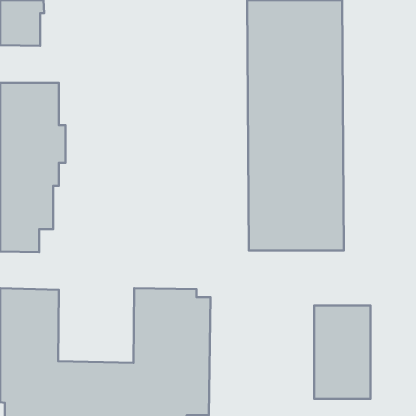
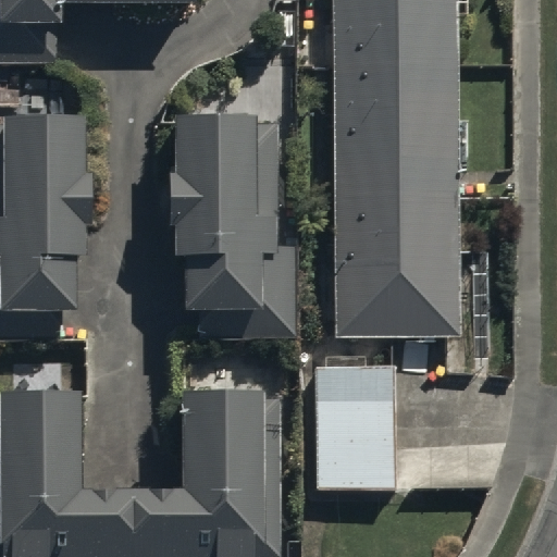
building: none -> [168,111,298,342]
building: [314,305,371,399] -> [317,366,392,490]

